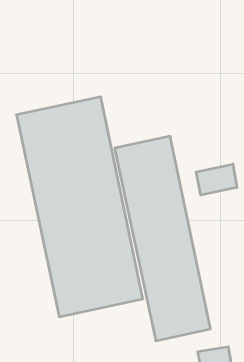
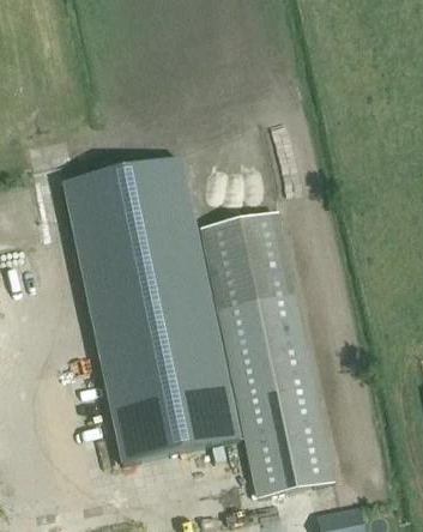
building: [196,164,237,195] -> none

